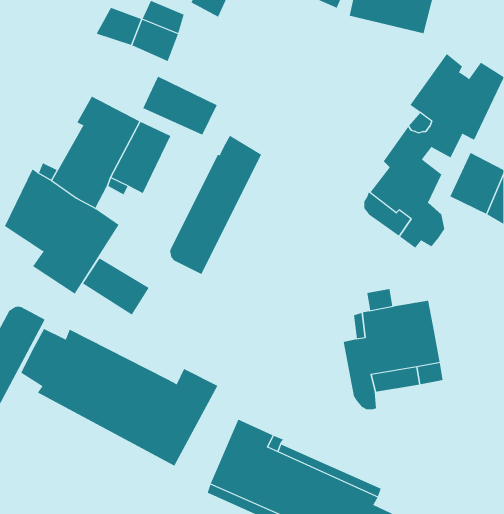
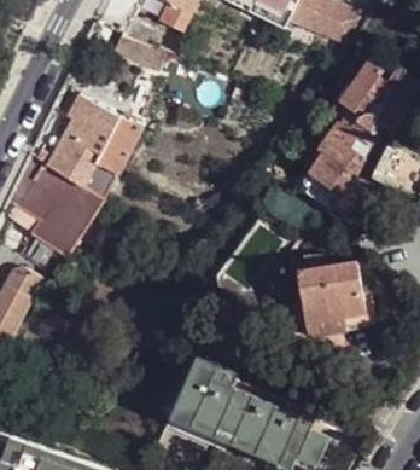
building: [143,76,218,135] -> none
building: [170,135,262,275] -> none
building: [82,258,150,316] -> none
building: [20,328,218,466] -> none

